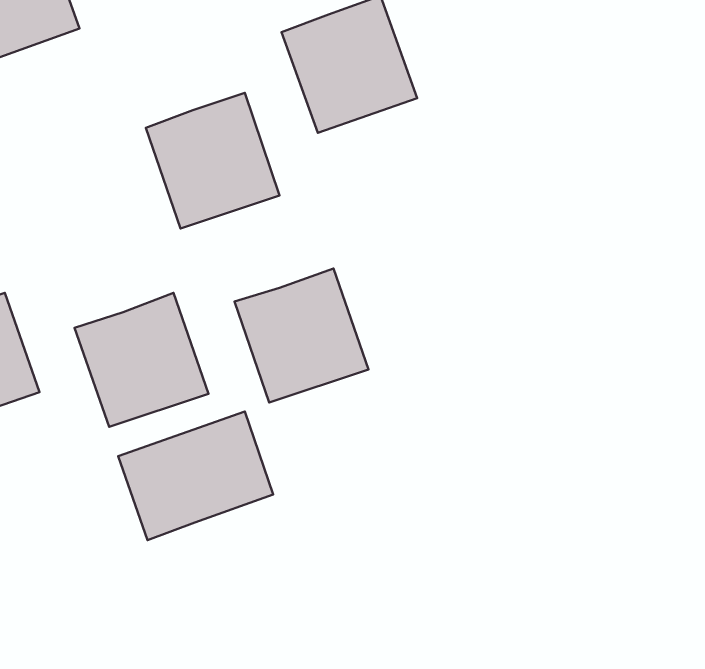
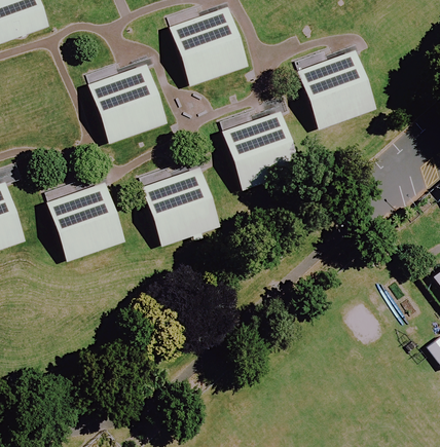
building: none -> [296,47,377,128]
building: none -> [221,108,302,189]
building: [118,412,273,540] -> none

